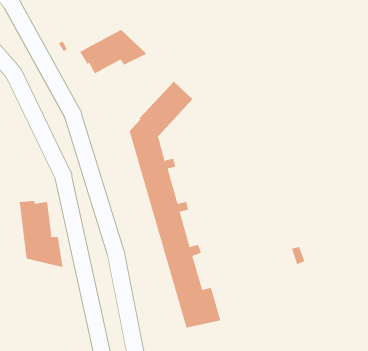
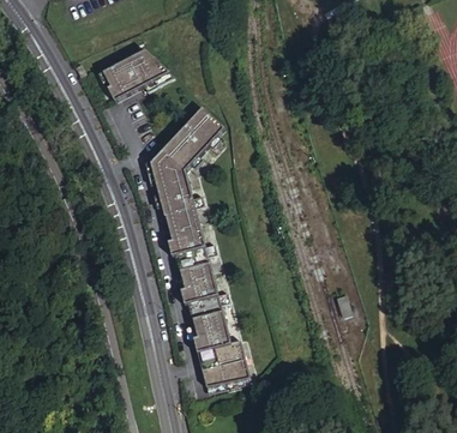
building: [19,200,63,268] -> none

